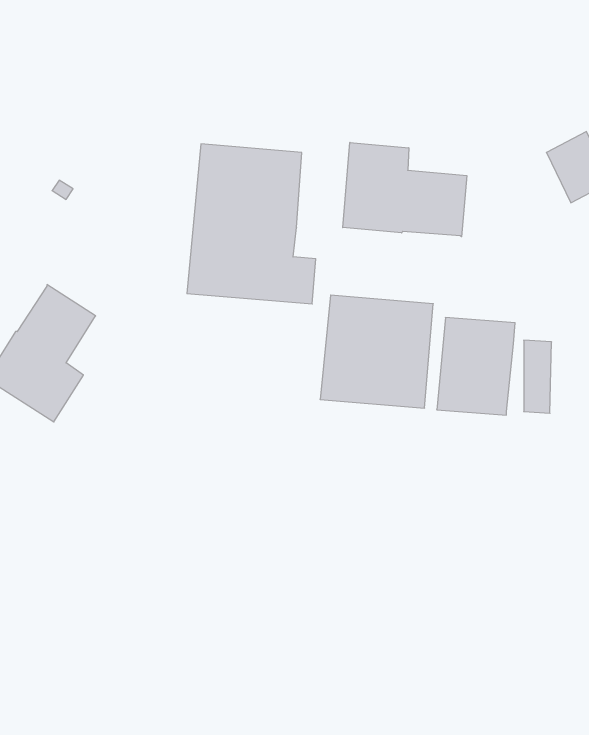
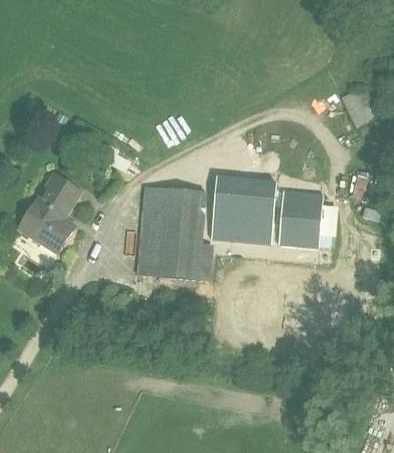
building: [343,142,467,237] -> none
building: [187,144,316,304] -> [137,186,212,279]

